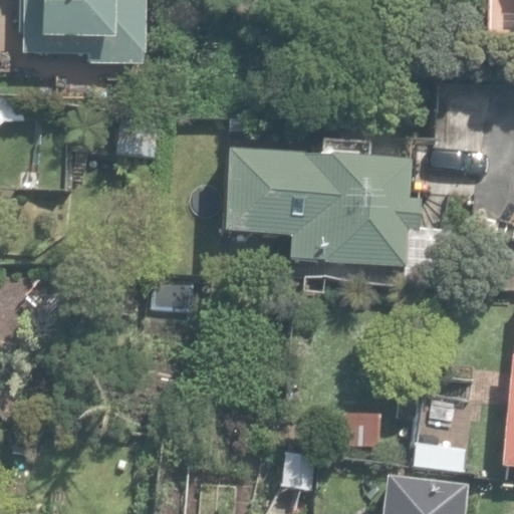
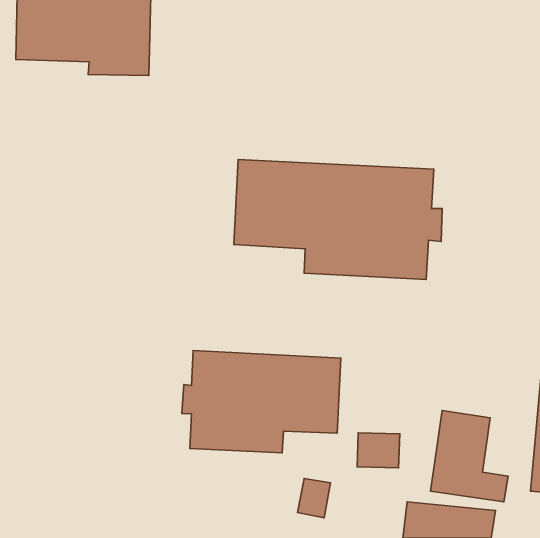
building: none -> [182,351,341,453]

